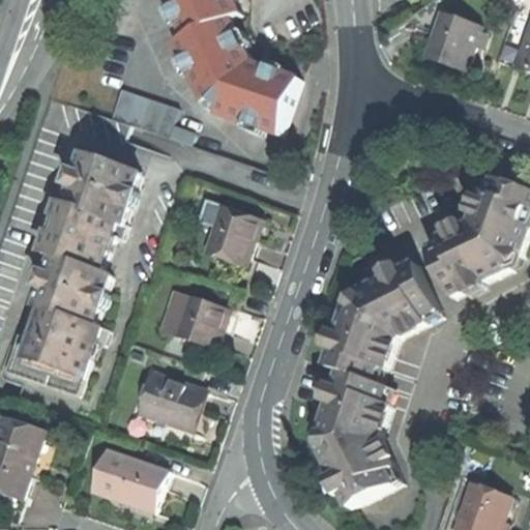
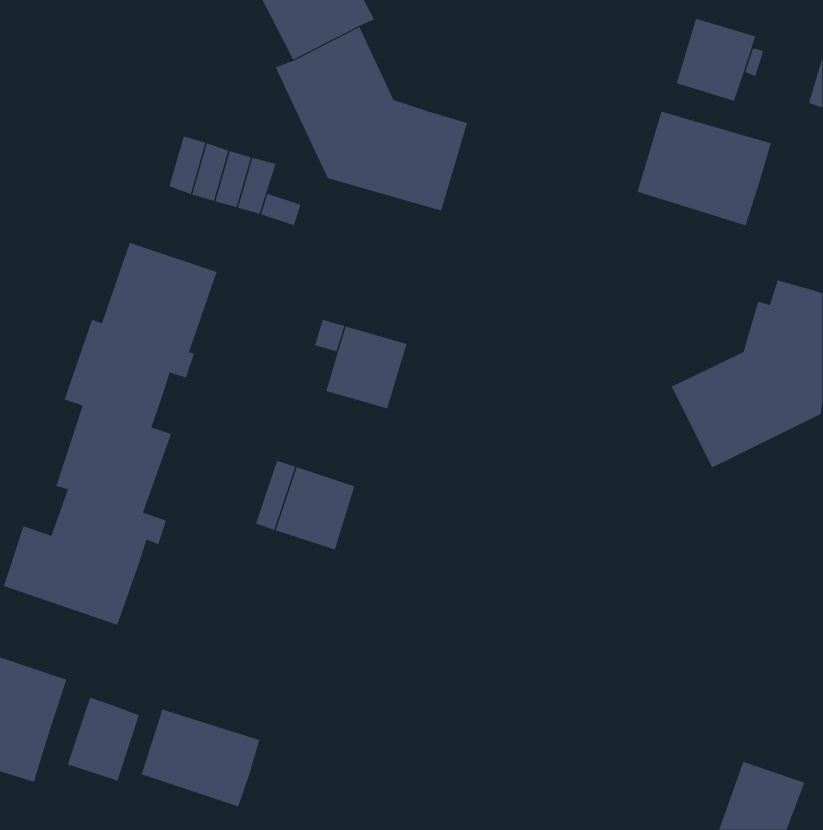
building: none -> [637,111,771,226]
building: [314,263,439,507] -> none
building: [136,370,203,430] -> none
building: none -> [67,697,140,781]

